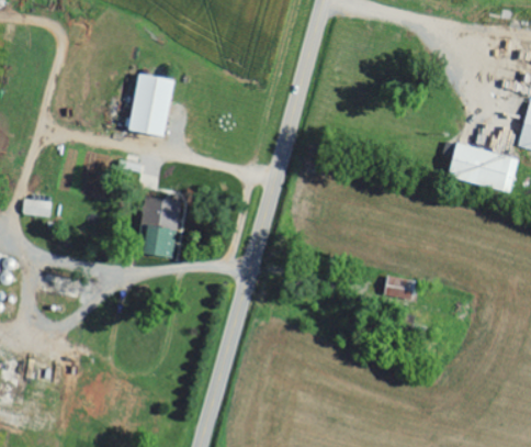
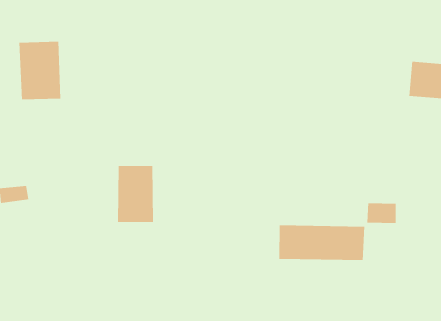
building: [127,74,174,136] -> [18,41,61,100]
building: none -> [279,225,365,261]

